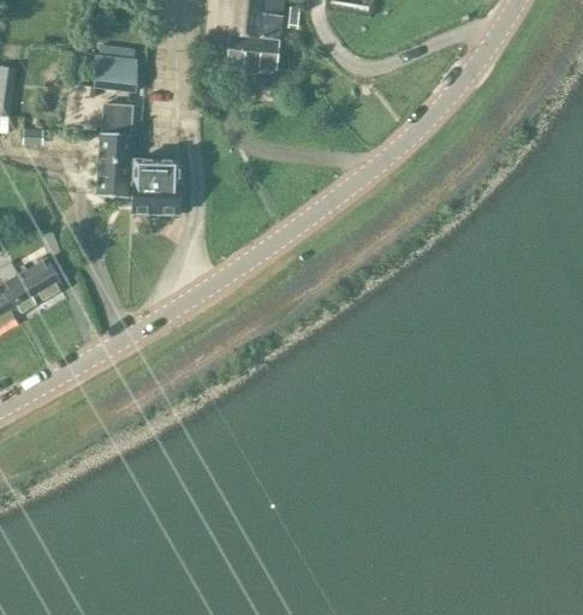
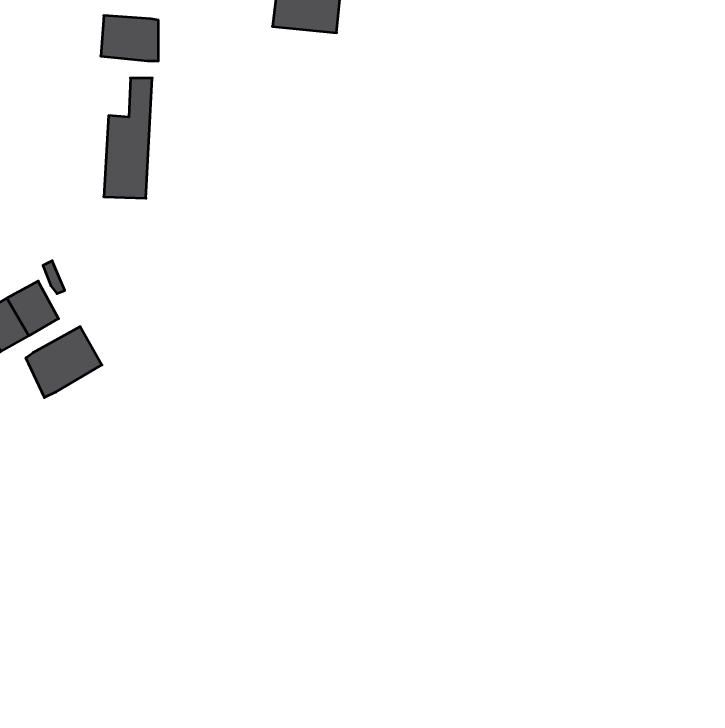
building: [131,156,188,211] -> none
building: none -> [26,327,102,398]

